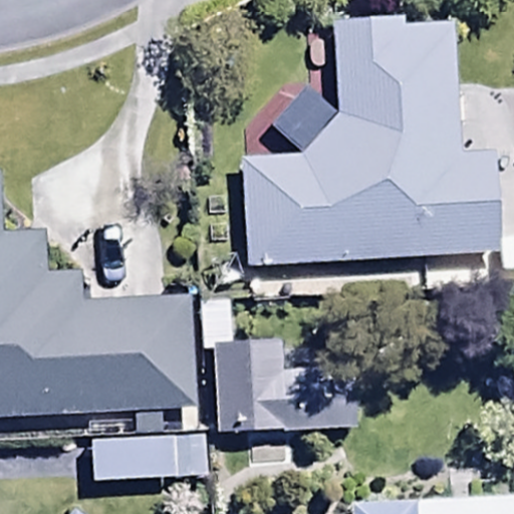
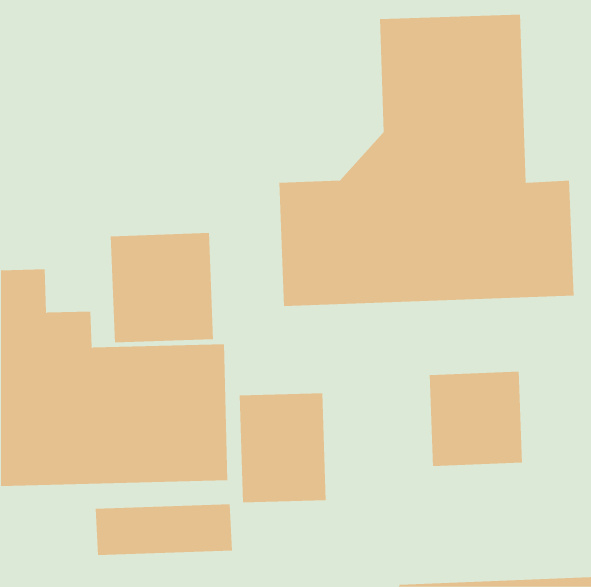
building: none -> [110,232,214,343]
building: none -> [429,371,523,467]

